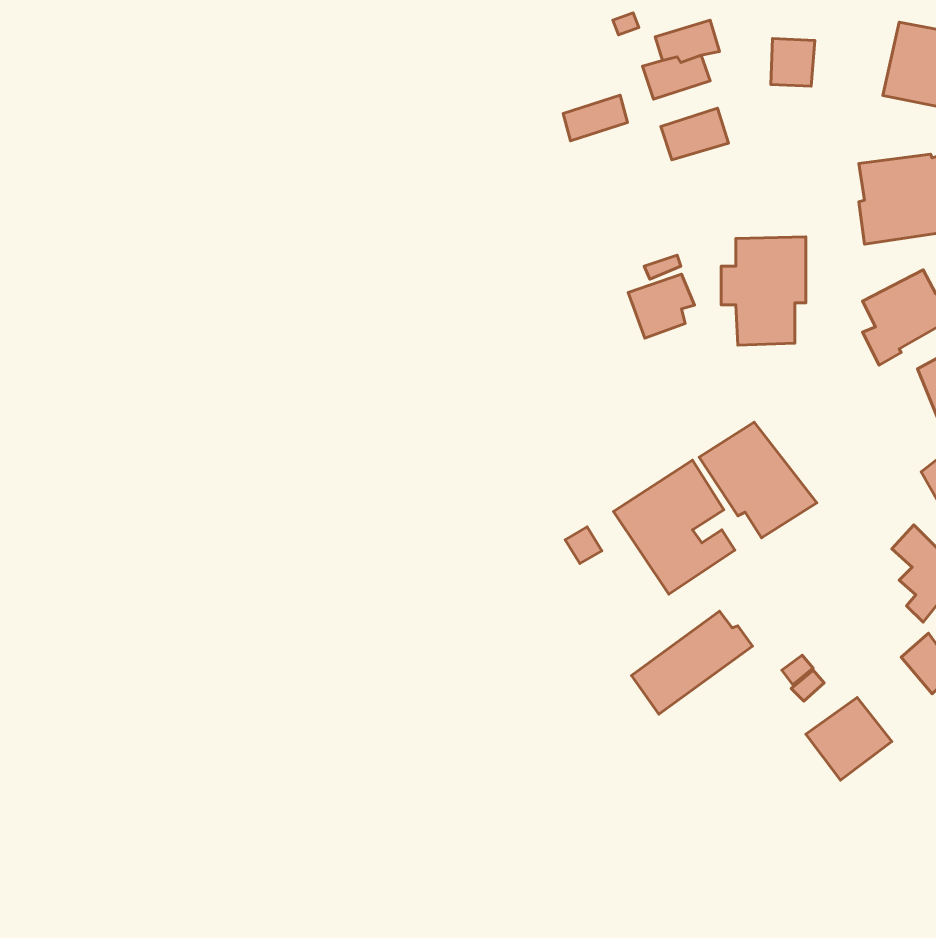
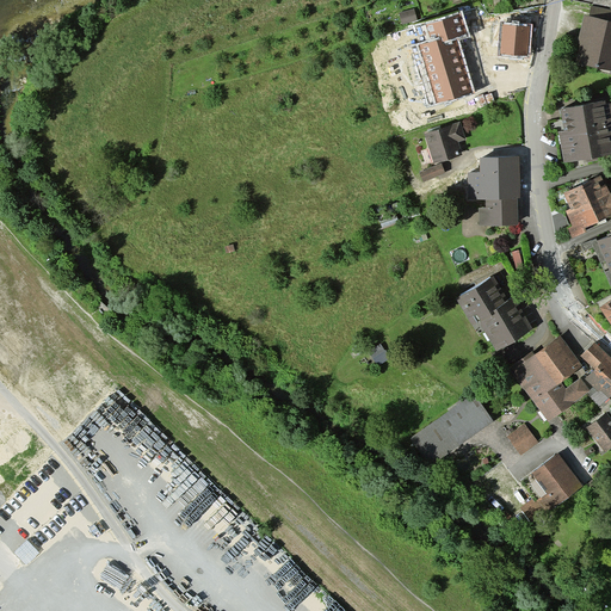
building: [563,95,627,141] -> [426,53,468,82]
building: [628,274,694,338] -> [425,122,468,163]
building: [614,460,735,594] -> [510,334,588,421]

